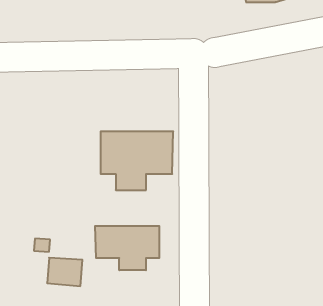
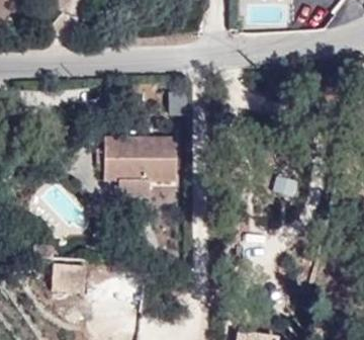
building: [95,226,159,270] -> none

